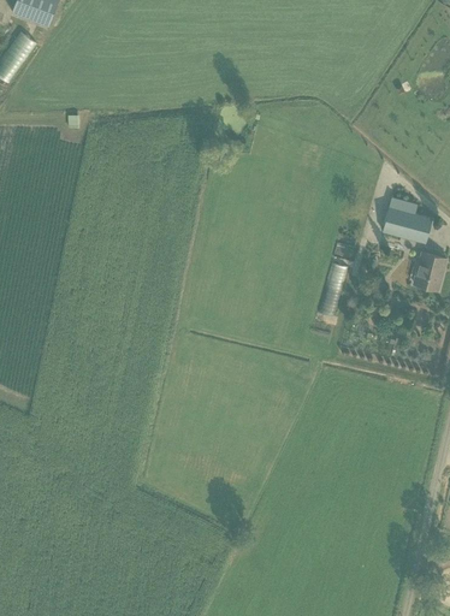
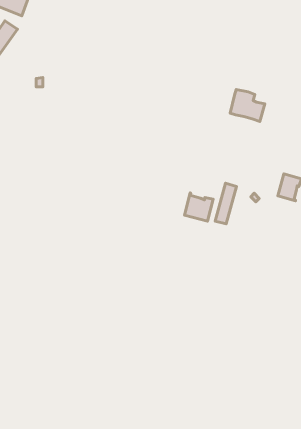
building: [380,196,430,242] -> [230,89,265,122]
building: none -> [184,193,213,221]

